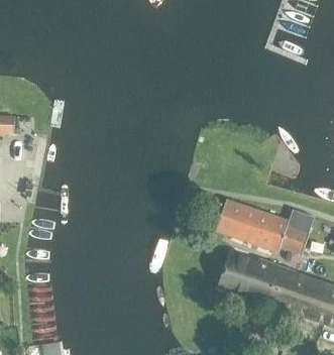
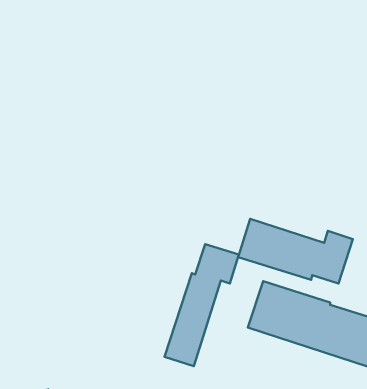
building: none -> [165,244,239,366]

